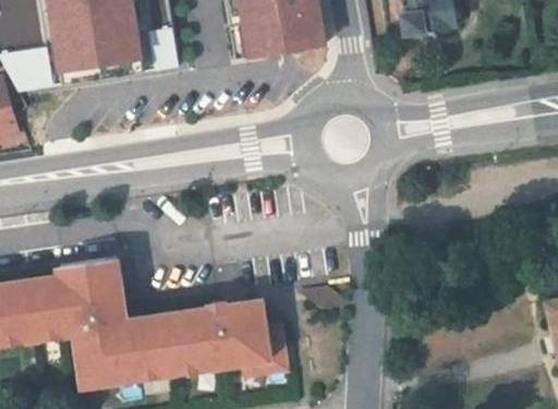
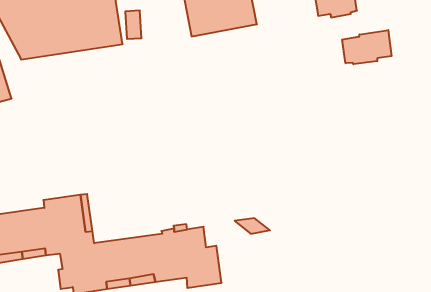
building: none -> [342,30,392,64]

